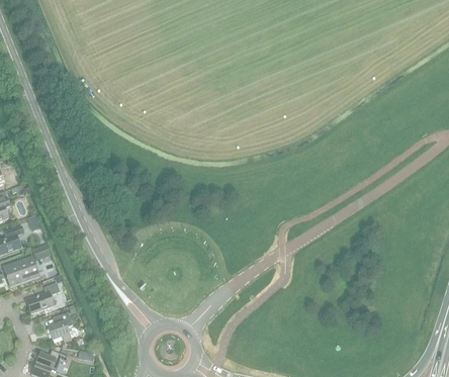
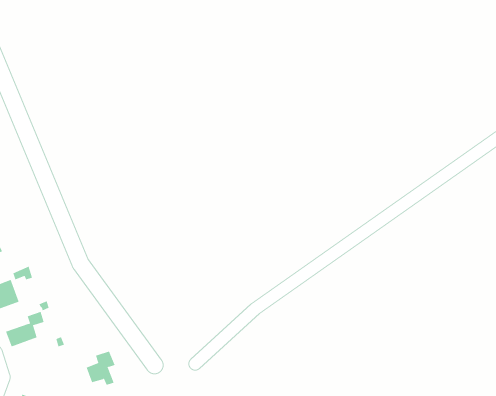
building: [47,311,72,341] -> [86,351,116,385]

